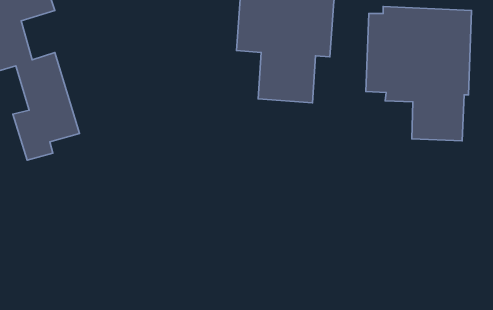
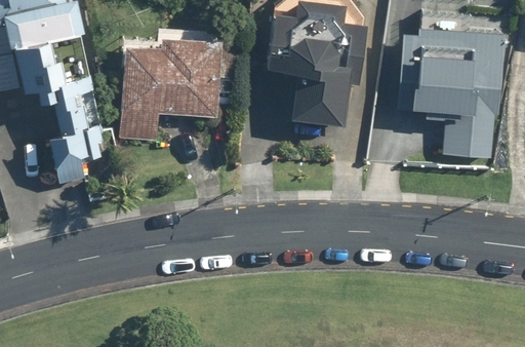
building: none -> [119,29,223,142]

